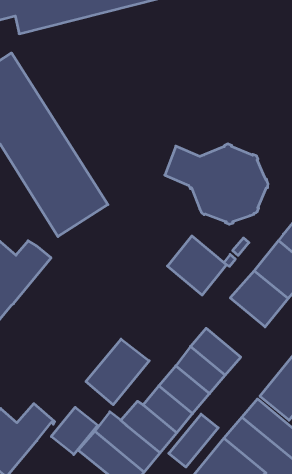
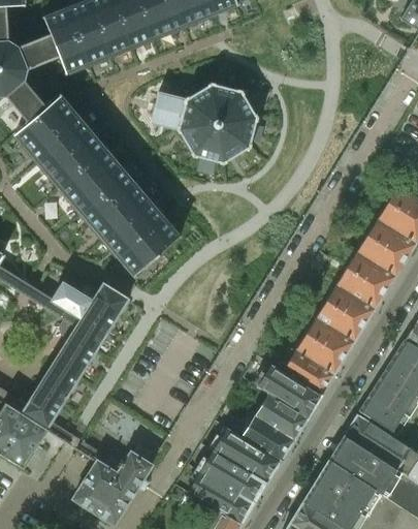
building: [165,144,268,224] -> [152,82,258,163]
building: [167,236,226,295] -> [296,314,356,373]
building: [86,339,149,405] -> none
building: [51,407,98,455] -> none
building: [169,414,218,467] -> none

